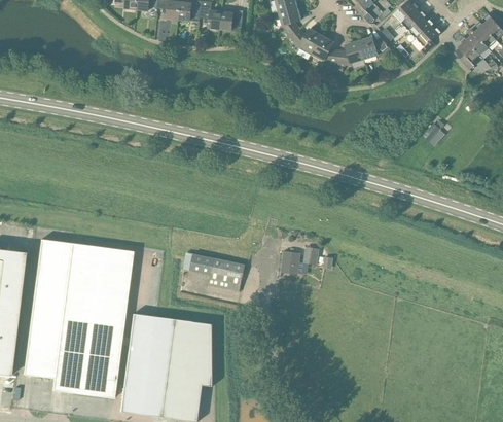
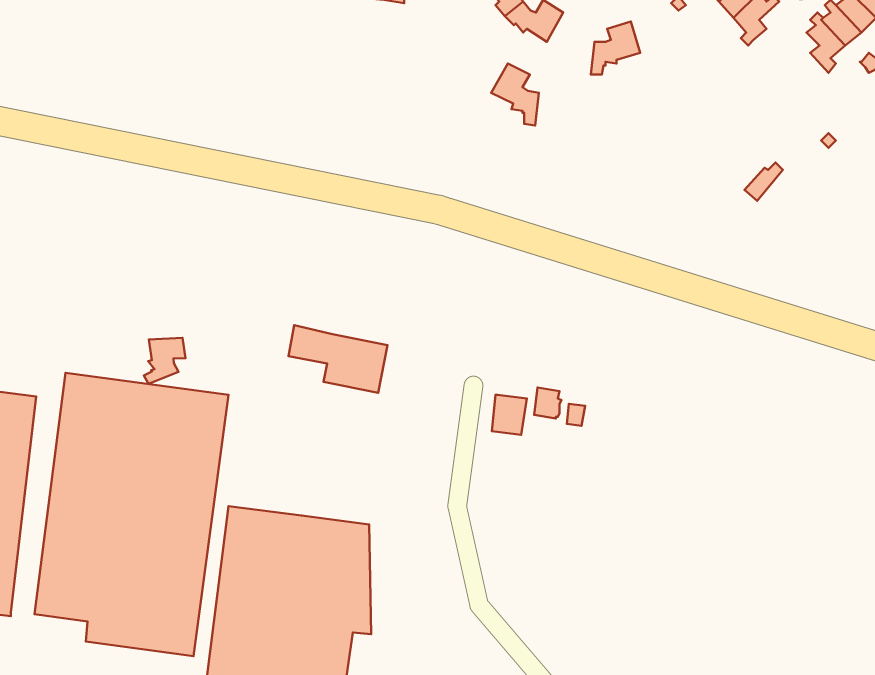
building: [312,36,338,71] -> [491,63,539,126]
building: [359,37,391,59] -> none
building: none -> [144,338,185,384]
building: [189,253,245,291] -> [289,325,387,393]

